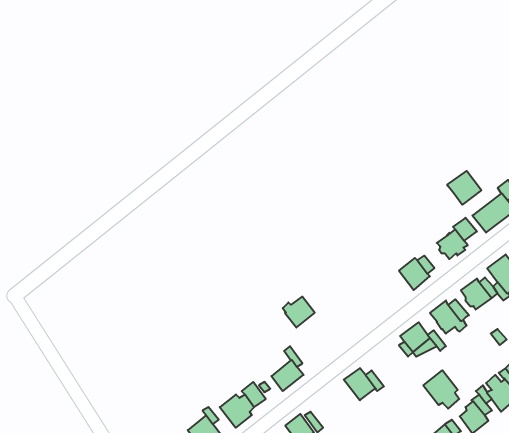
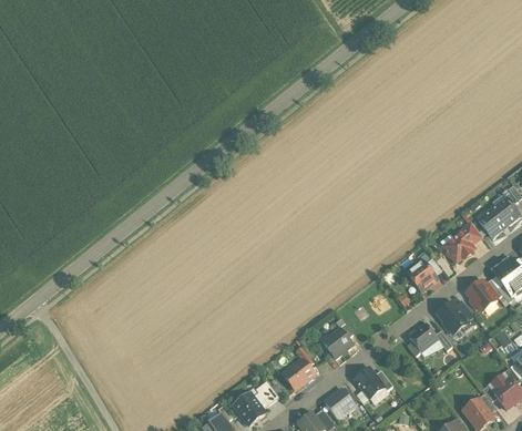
building: [447,171,481,205] -> none
building: [283,297,315,328] -> [320,328,351,358]
building: [423,370,459,409] -> none
building: none -> [324,388,354,419]

